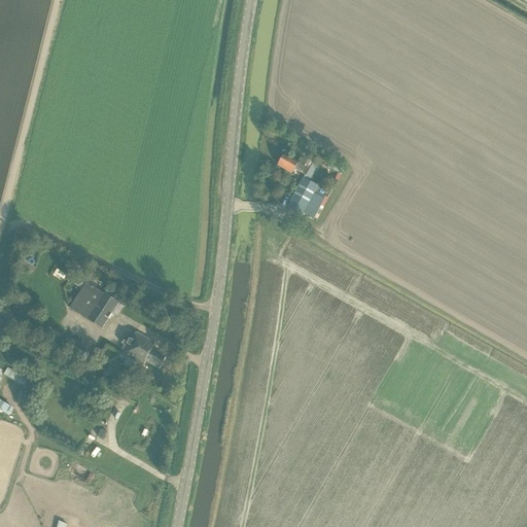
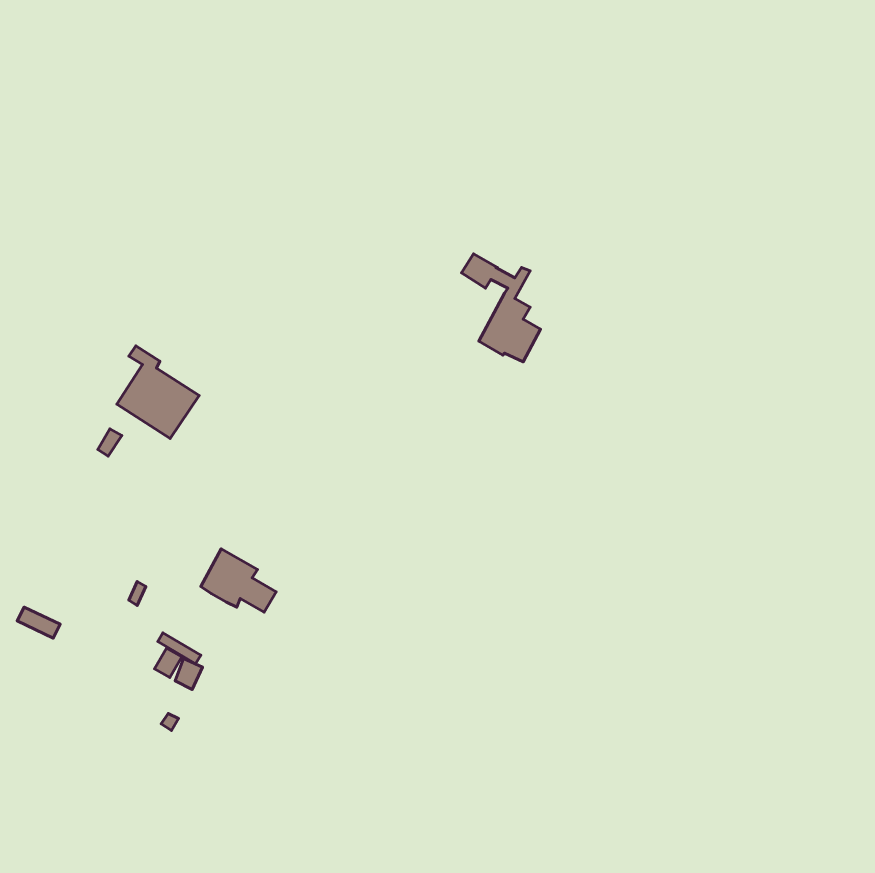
building: [69,272,118,327] -> [117,346,199,438]

